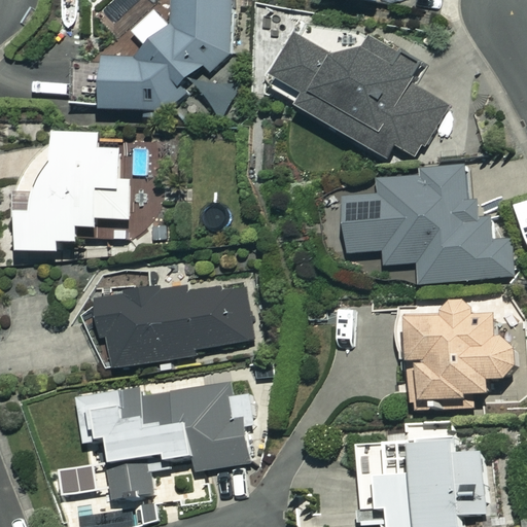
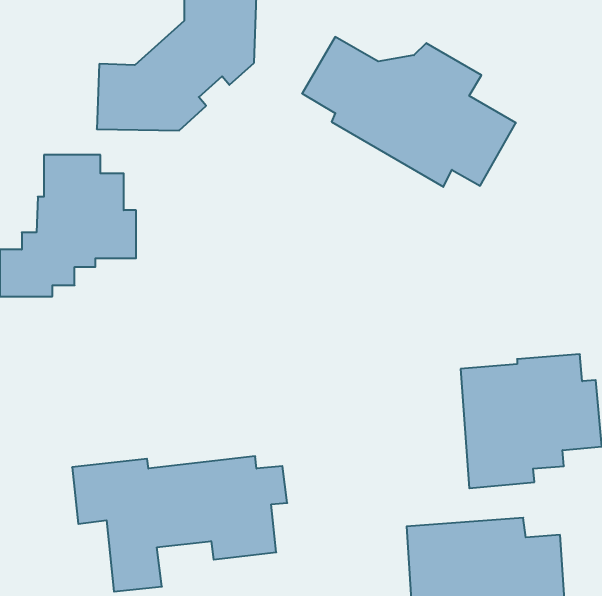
building: [340,166,513,281] -> none
building: [96,276,253,365] -> none

